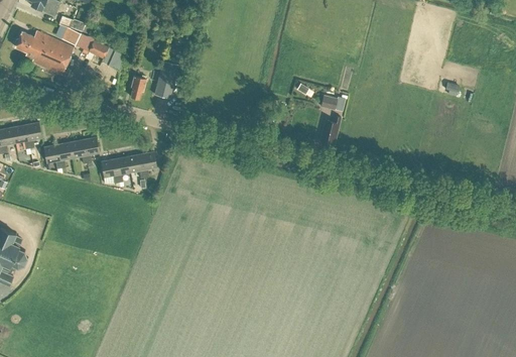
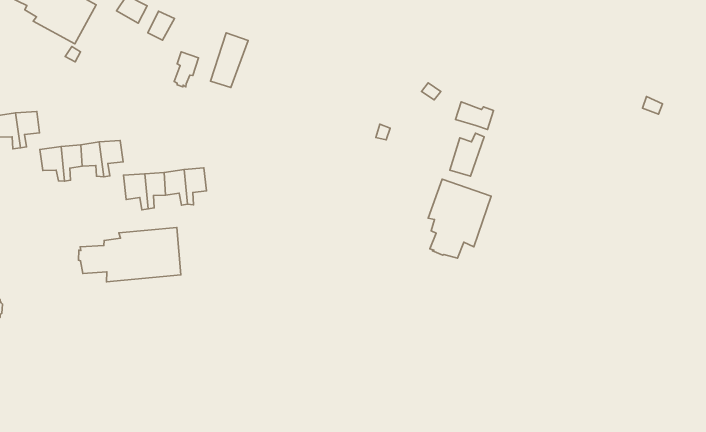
building: none -> [428,179,491,258]
building: none -> [79,228,181,282]

